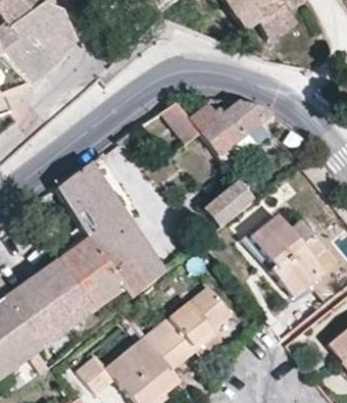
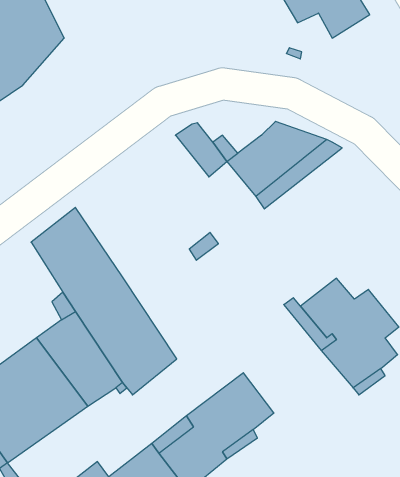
building: [200,179,251,230] -> none

